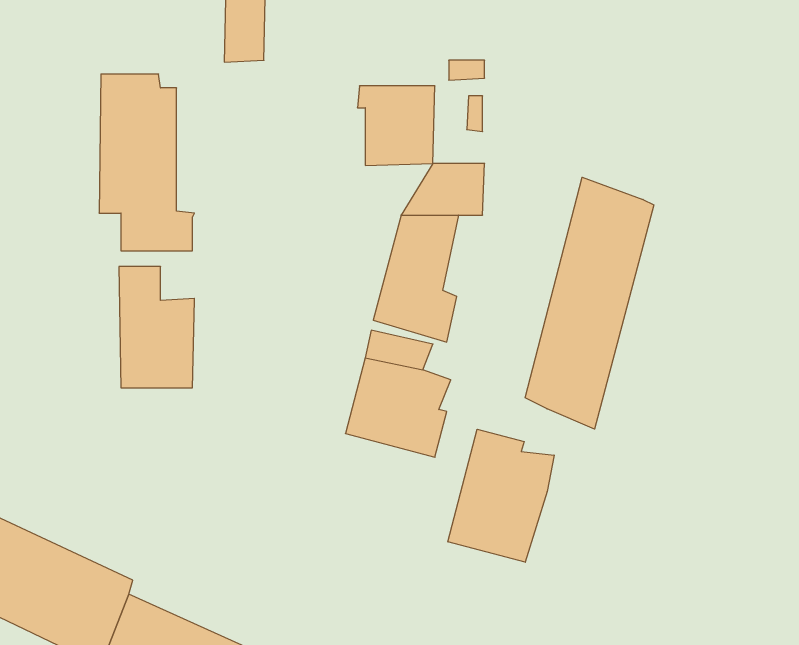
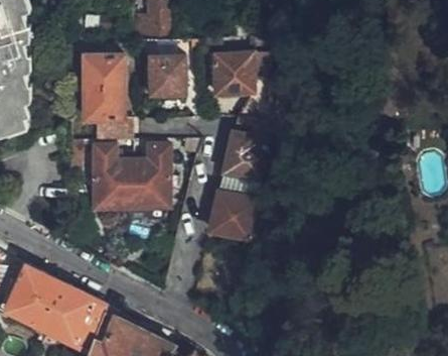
building: none -> [154,58,187,95]
building: [525,177,654,429] -> none
building: none -> [131,146,168,208]
building: [448,429,554,562] -> none

